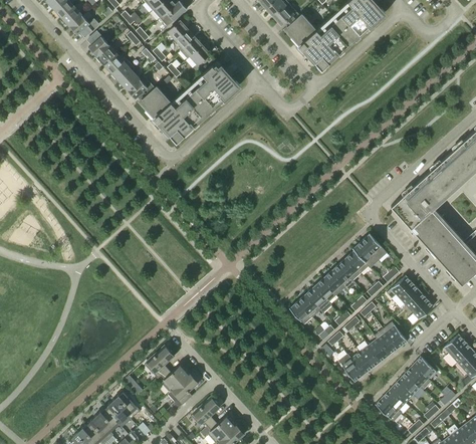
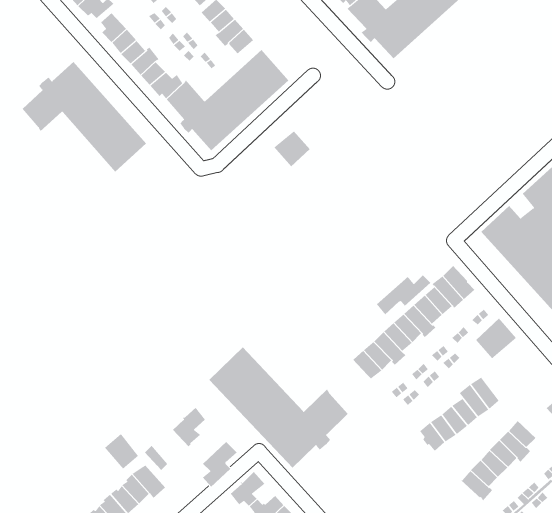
building: none -> [22,61,147,173]
building: none -> [273,131,311,167]
building: none -> [376,275,431,315]
building: [405,290,433,318] -> none
building: none -> [208,346,349,469]
building: [160,365,188,391] -> none
building: none -> [104,433,139,470]

